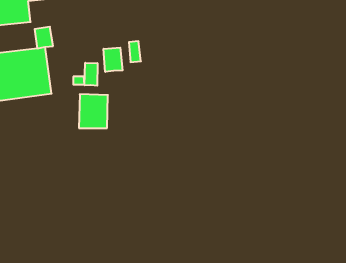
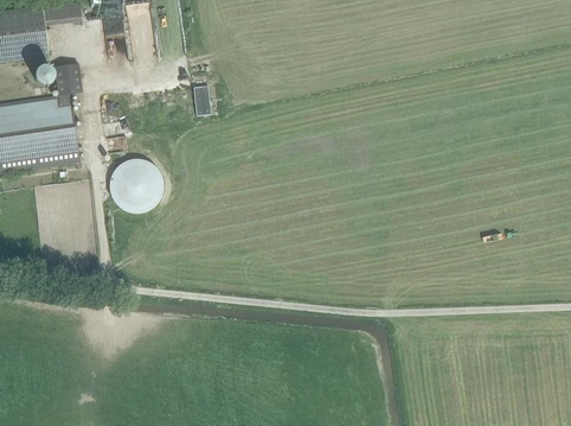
building: [104,48,123,72] -> none
building: [85,63,97,86] -> none

